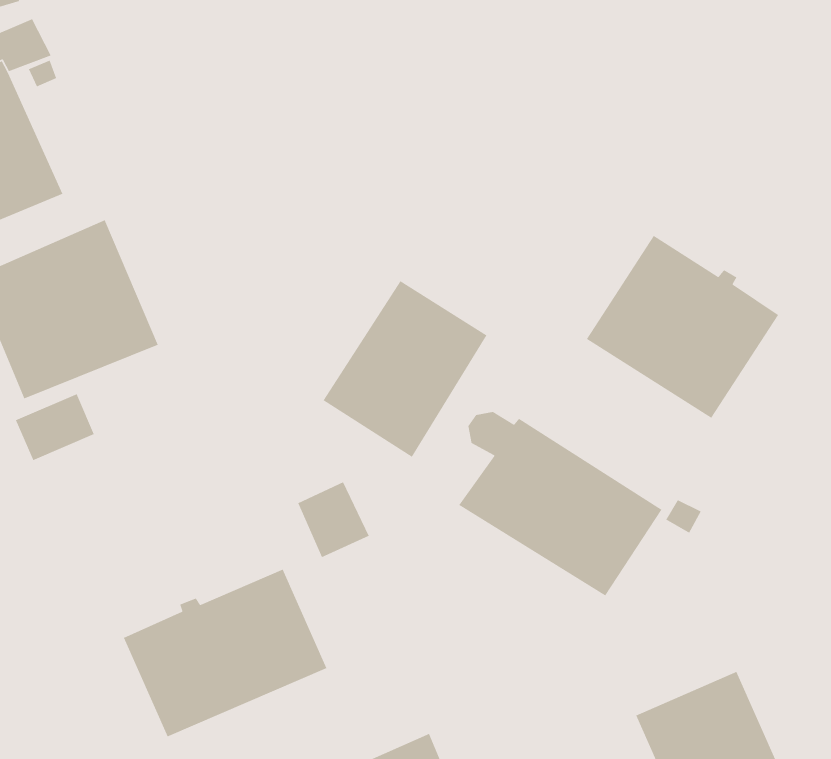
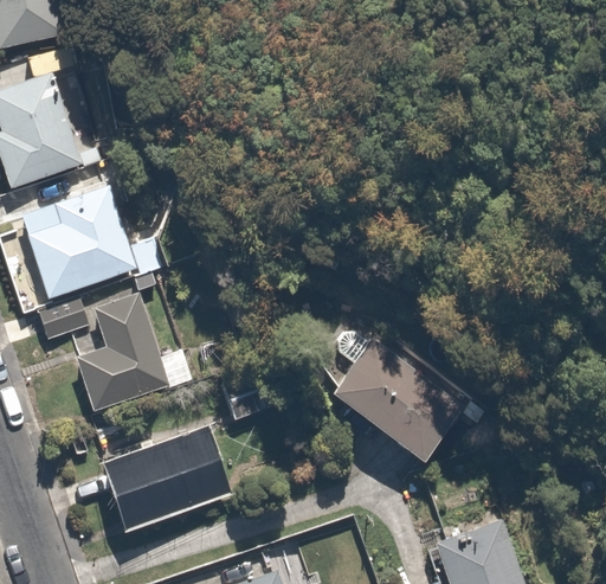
building: [586,235,779,419] -> none
building: [322,280,488,458] -> none
building: none -> [72,293,193,412]

